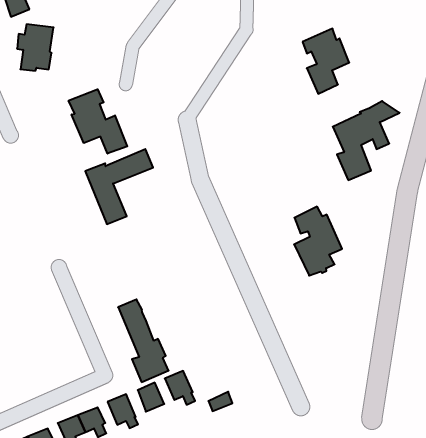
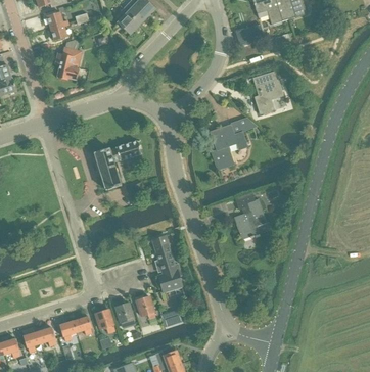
building: [69,89,127,154] -> none
building: [333,101,400,180] -> [210,118,257,170]
building: [118,299,169,382] -> [151,235,182,292]

